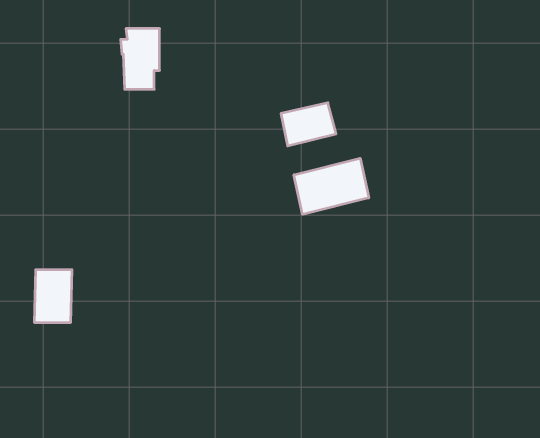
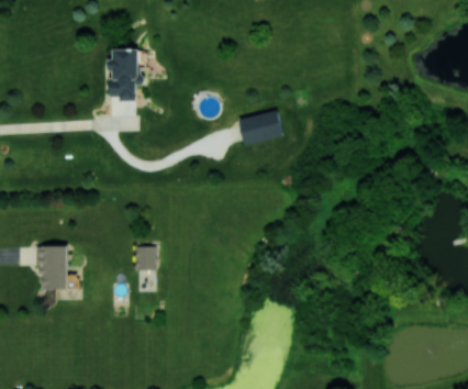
building: [294,158,369,214] -> none
building: none -> [135,246,155,269]

